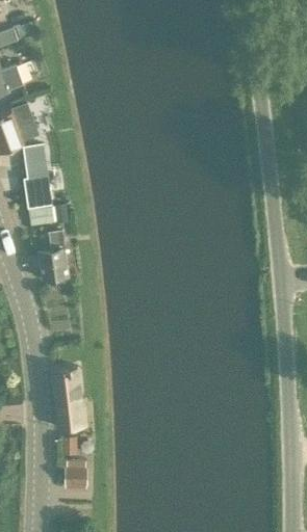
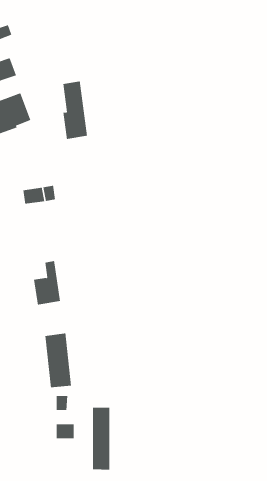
building: [23,144,51,209] -> [62,81,88,140]
building: [39,231,69,280] -> [33,261,61,305]
building: none -> [93,407,110,470]

